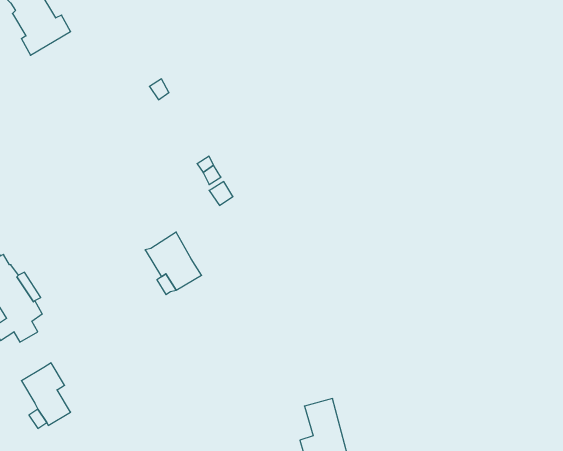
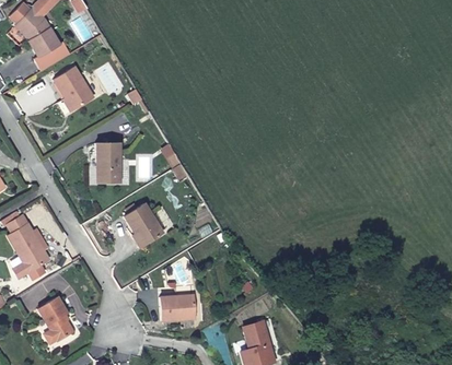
building: none -> [53,66,93,110]
building: none -> [95,142,119,182]
building: none -> [160,294,198,320]

